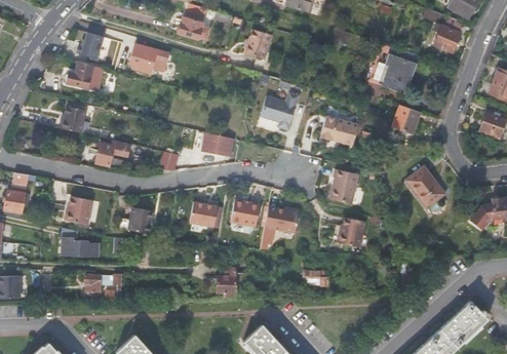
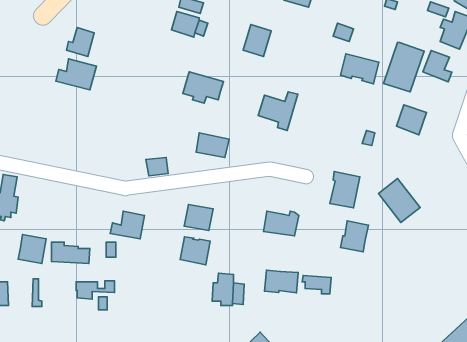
building: [129,44,168,74] -> [183,72,224,103]
building: none -> [423,50,452,82]
building: [61,106,87,132] -> none
building: [319,117,356,146] -> [340,54,379,84]
building: [94,140,130,164] -> none
building: [405,166,445,208] -> [378,178,420,222]
building: [65,197,91,225] -> [18,235,46,264]
building: [231,199,260,226] -> [180,237,210,265]
building: none -> [264,270,298,293]

